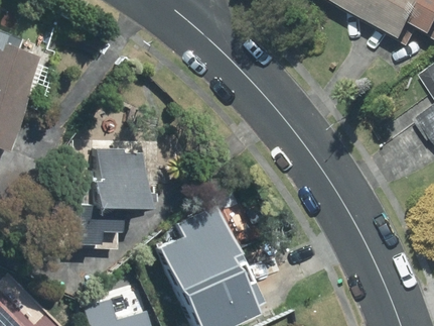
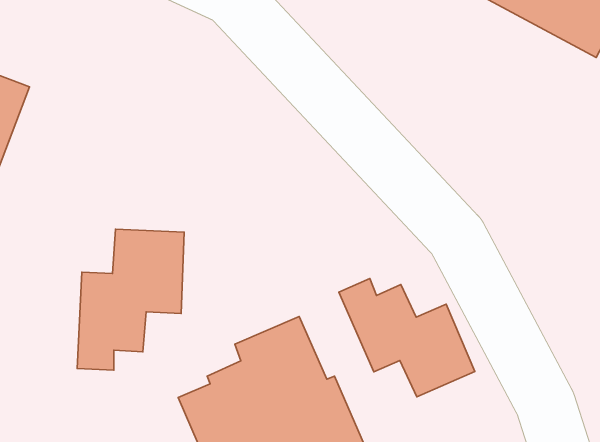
building: none -> [339,279,475,397]

